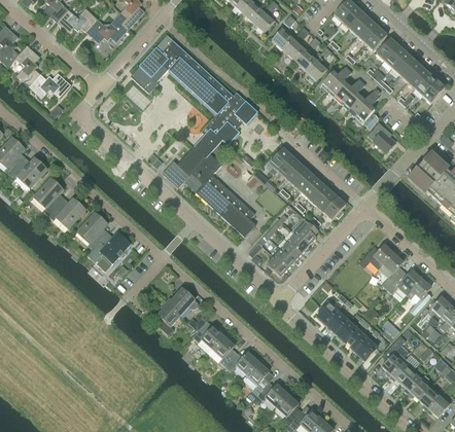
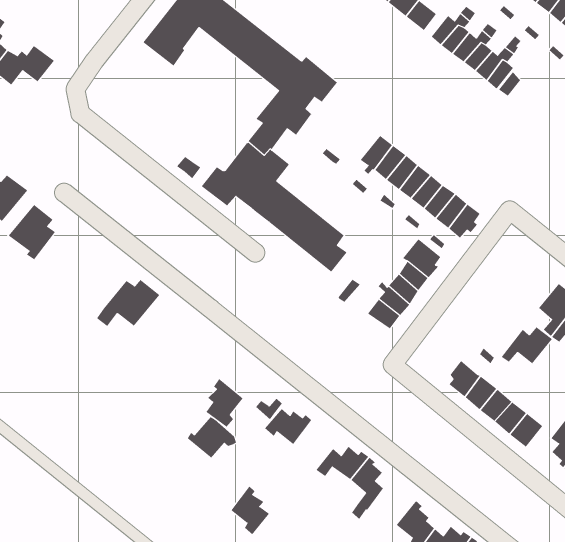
building: [367,120,395,151] -> none
building: [48,196,85,228] -> none
building: [76,211,108,249] -> none
building: [358,244,393,268] -> [501,326,553,364]
building: [165,287,198,315] -> [187,416,237,458]
building: [211,332,237,365] -> [230,486,270,535]
building: [257,381,289,405] -> none

